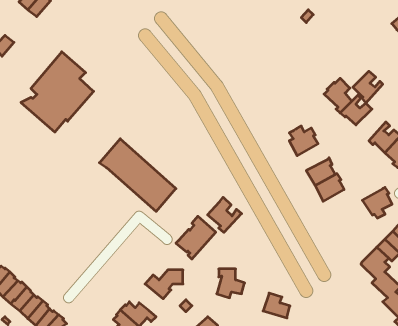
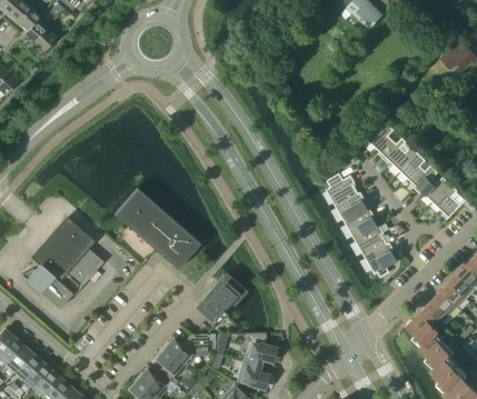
building: [21,52,94,132] -> [21,217,102,307]
building: [353,71,383,103] -> [400,153,434,189]
building: none -> [335,191,368,222]
building: [362,187,392,218] -> [364,242,397,277]
building: [208,197,242,232] -> none
building: none -> [156,349,185,379]
building: [263,293,290,318] -> [238,360,268,388]

